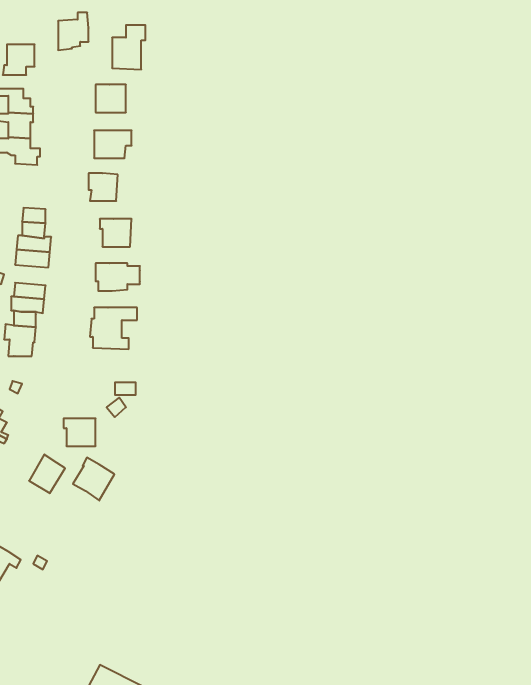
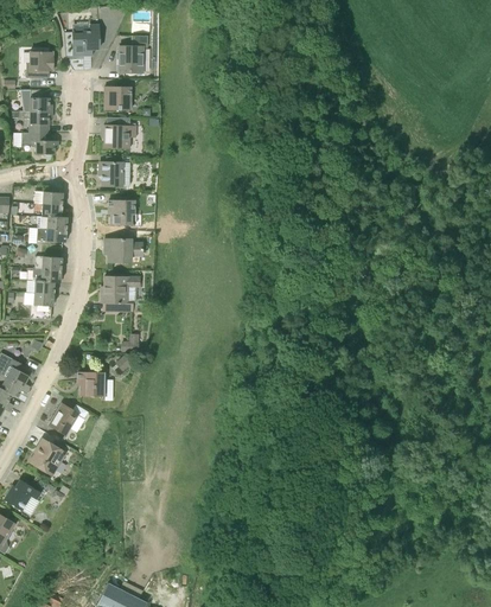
building: [73,458,114,501] -> [30,439,65,475]

